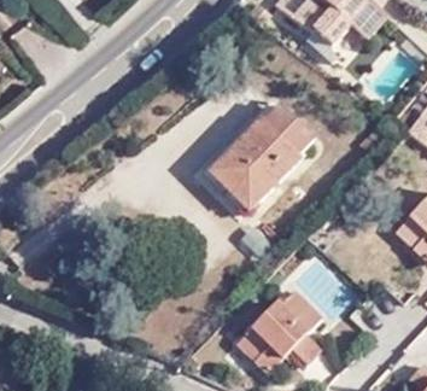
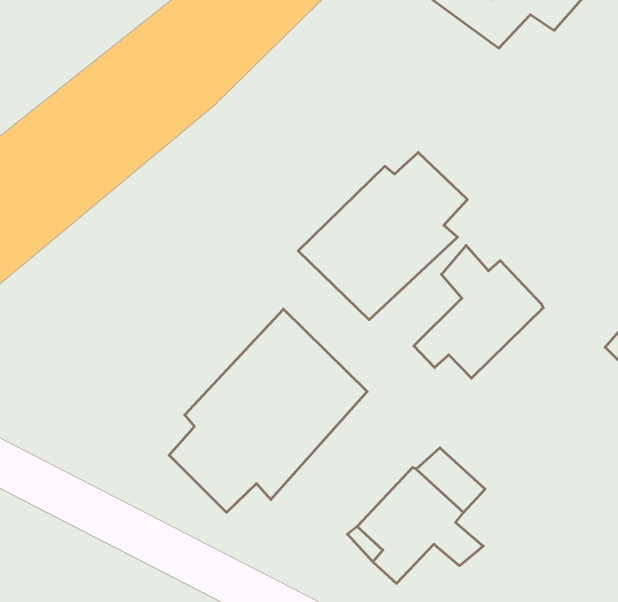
building: none -> [414,245,543,378]
building: none -> [169,309,367,512]

